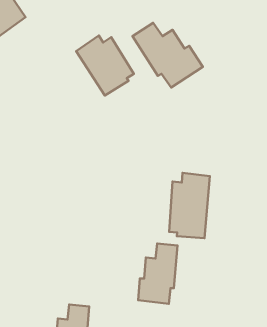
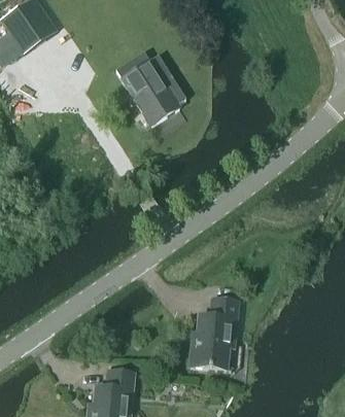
building: [132,23,203,87] -> none
building: [169,173,210,238] -> none

